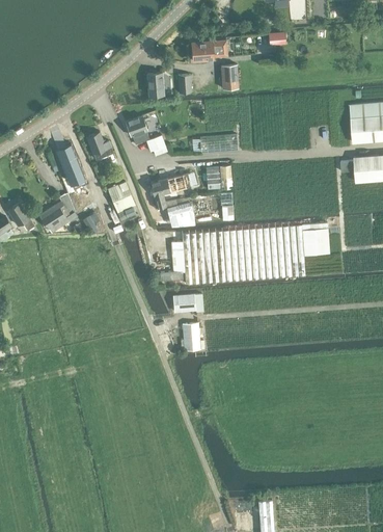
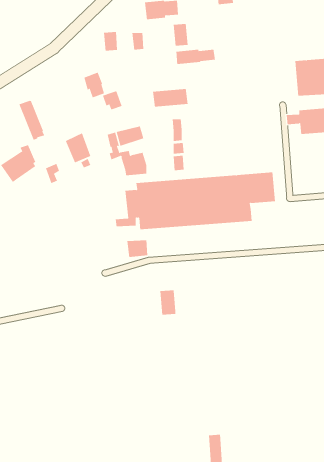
building: none -> [176,49,215,65]
building: [85,132,113,161] -> none
building: [182,323,199,350] -> [160,290,176,315]

